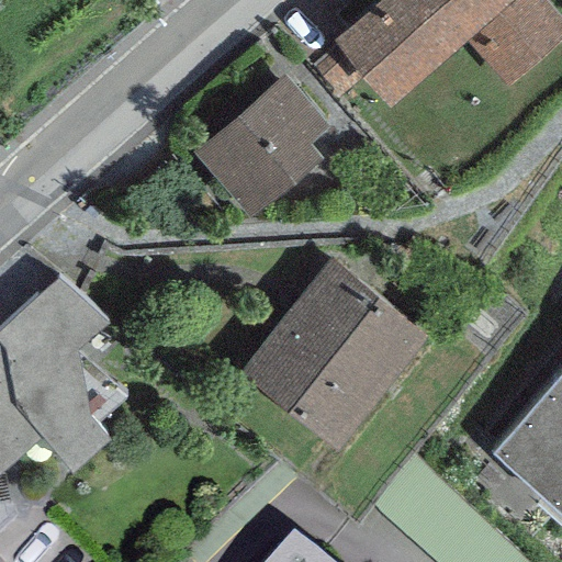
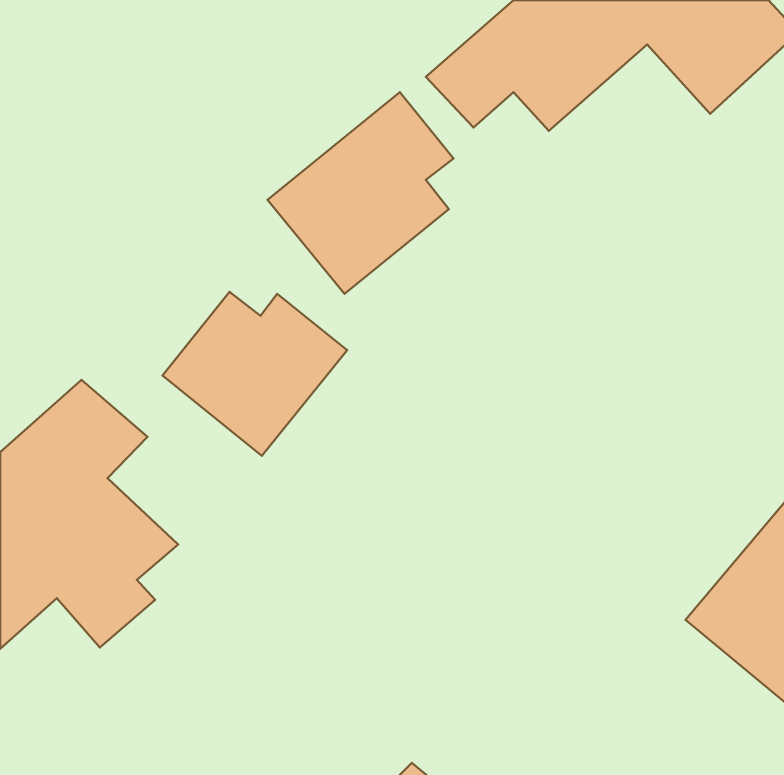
building: none -> [163,292,347,456]
building: [243,257,430,447] -> none

